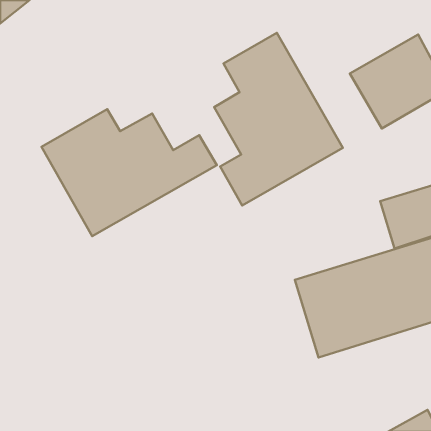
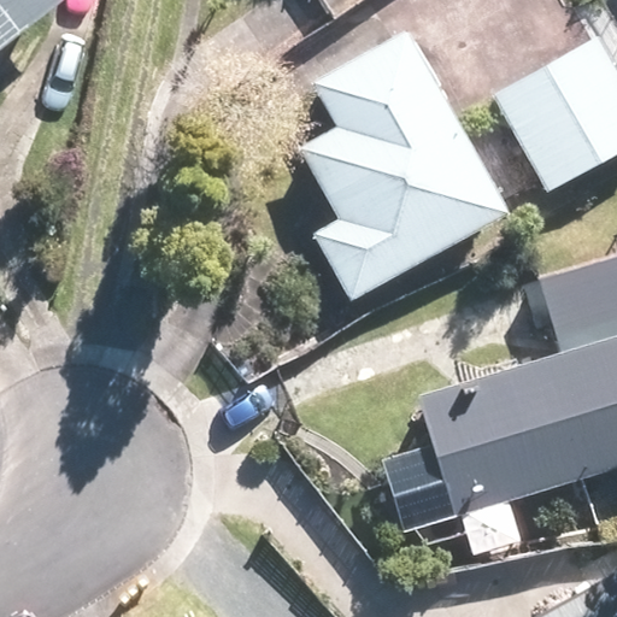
building: [41,109,217,236] -> none

